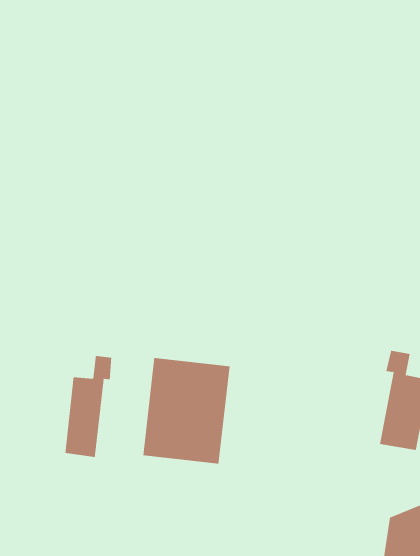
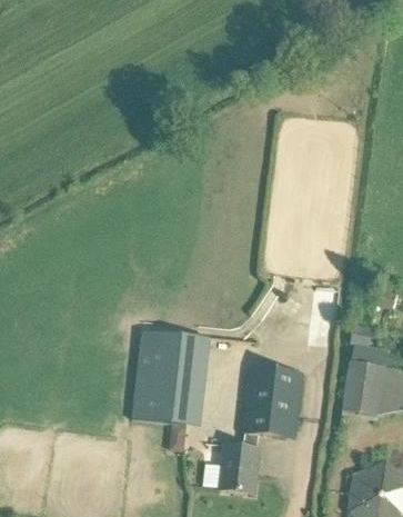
building: [65,355,112,458] -> none
building: none -> [222,368,302,495]

